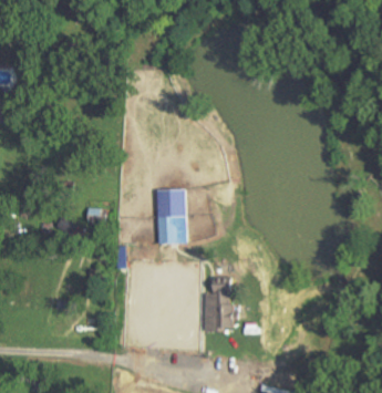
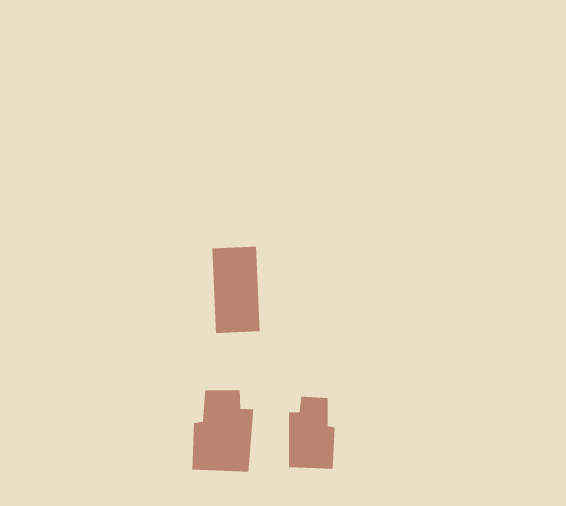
building: none -> [192,389,254,472]

